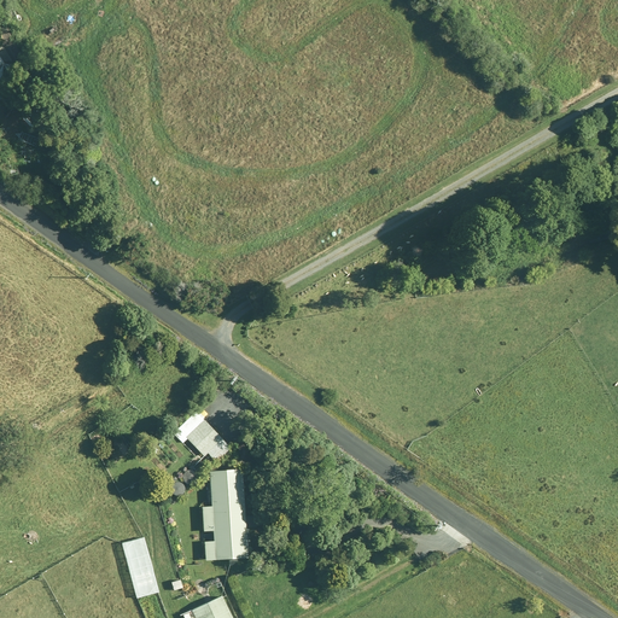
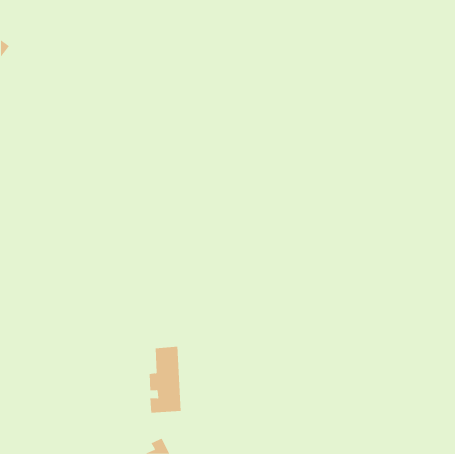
building: [185,419,223,457] -> none
building: [122,538,156,597] -> none

